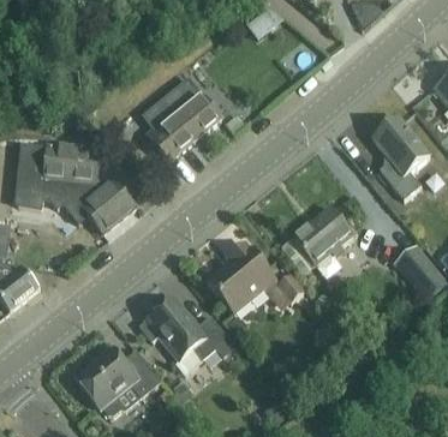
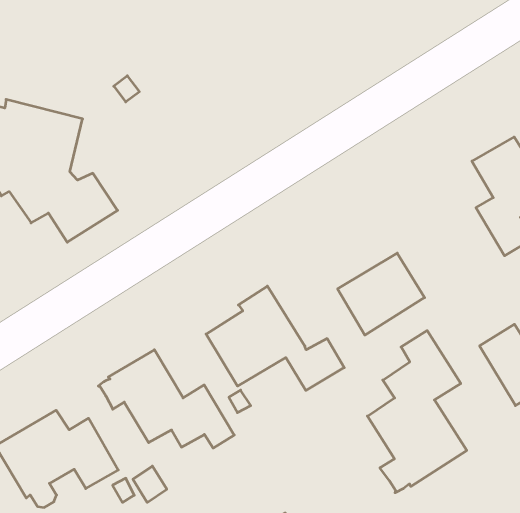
building: [142,79,221,163] -> none
building: none -> [367,331,467,493]

